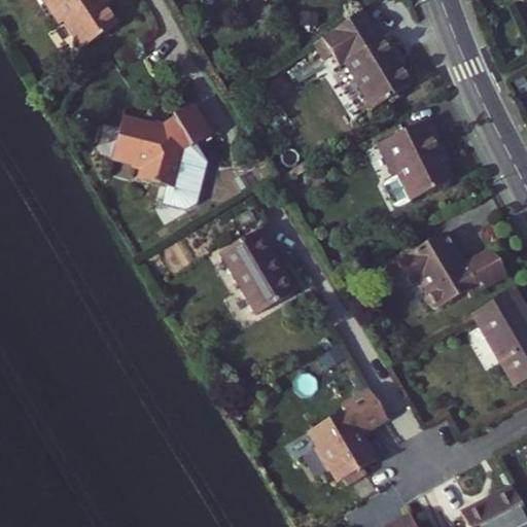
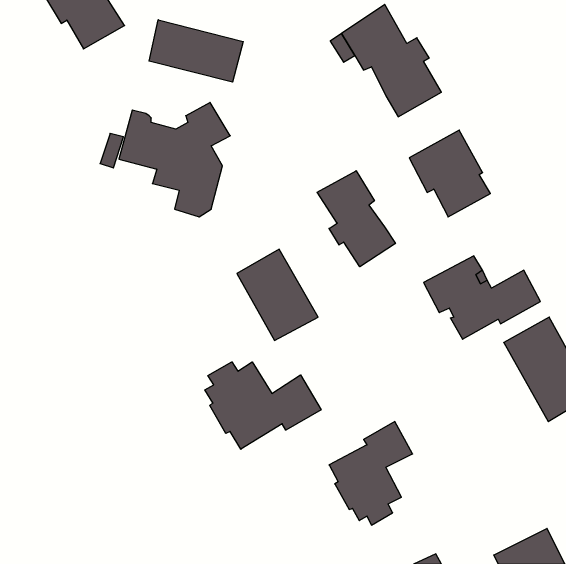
building: none -> [149,20,243,82]
building: none -> [317,171,395,267]
building: none -> [205,362,321,449]

